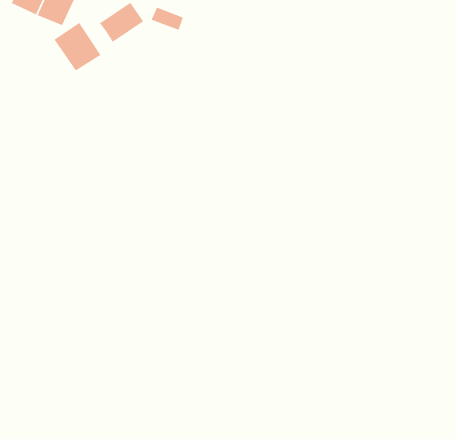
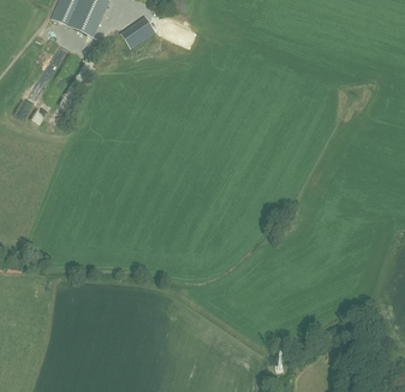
building: [53,22,102,72] -> none

